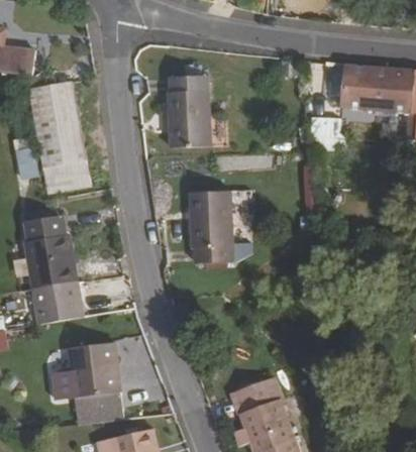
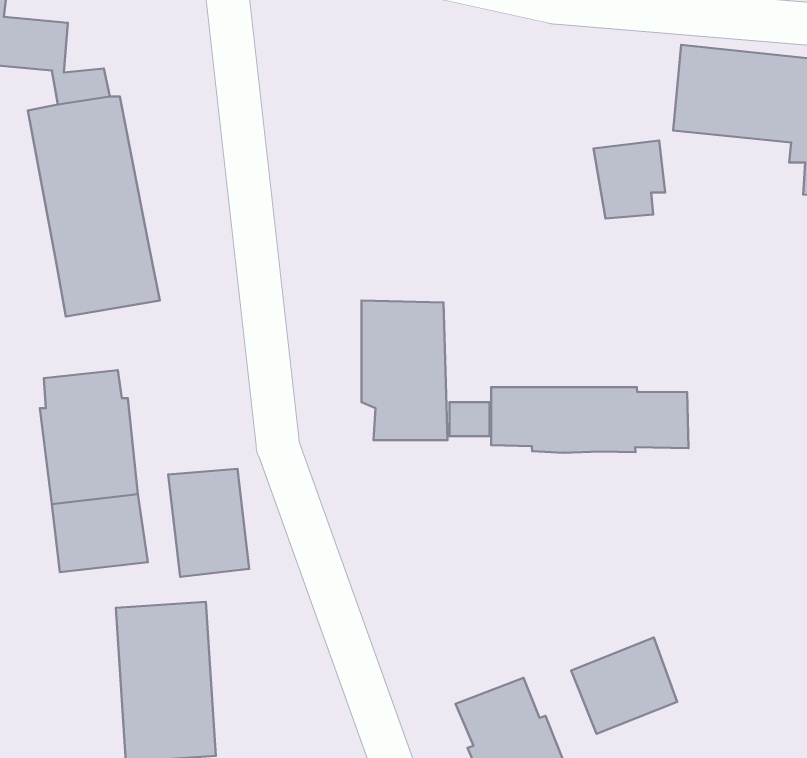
building: [168,75,212,147] -> none
building: none -> [491,387,688,453]
building: none -> [168,469,249,577]
building: none -> [571,638,677,734]

